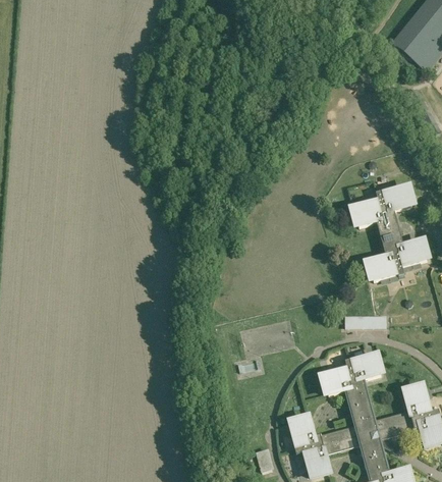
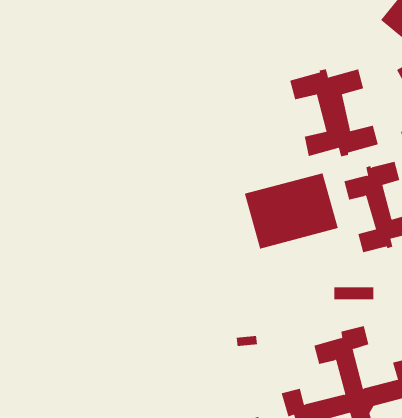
building: none -> [289,68,379,157]
building: none -> [244,172,339,249]

